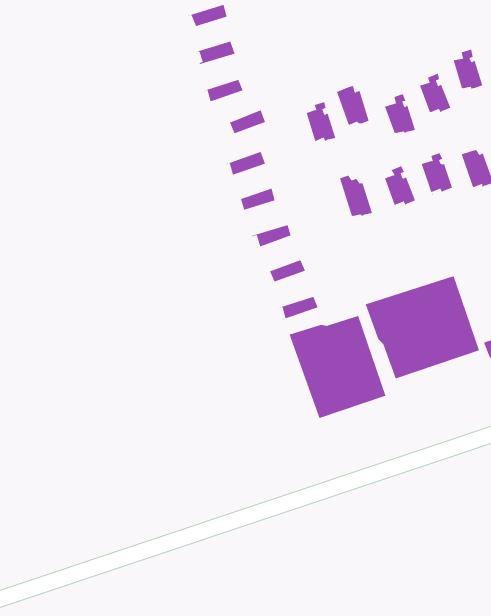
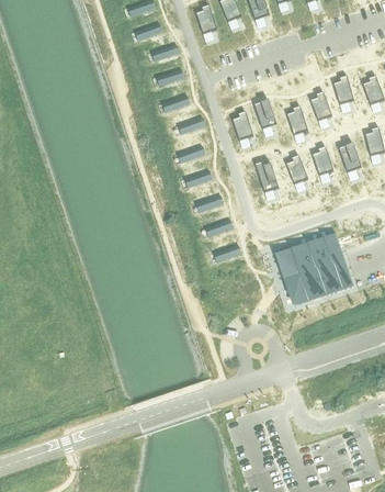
building: [289,315,386,419] -> none

